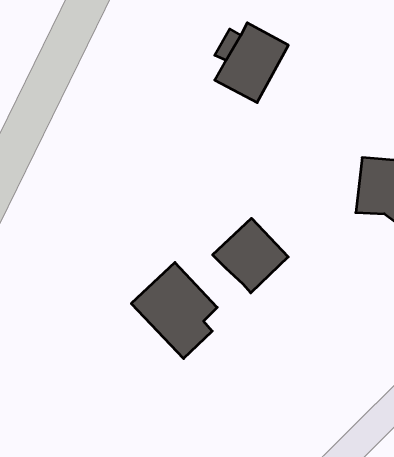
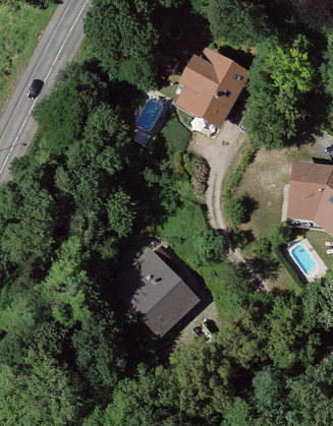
building: [213,218,288,293] -> none

